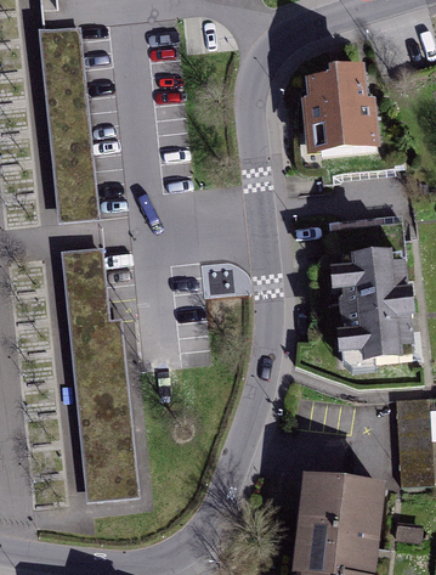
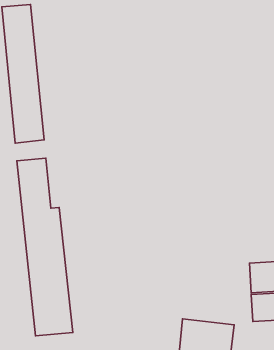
building: [296,60,367,147] -> none
building: [327,252,406,371] -> none

